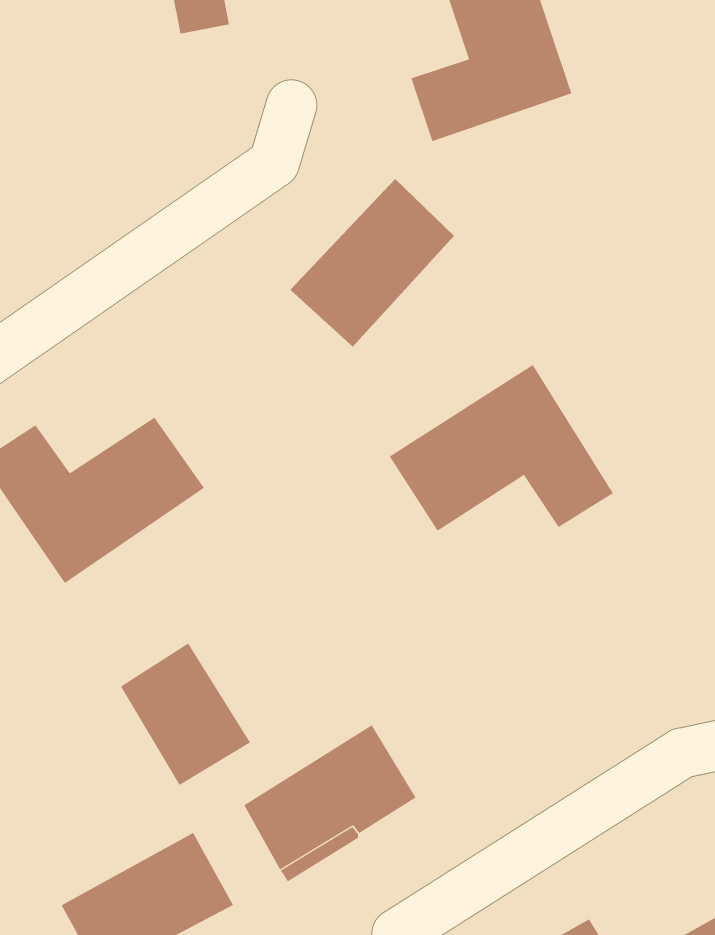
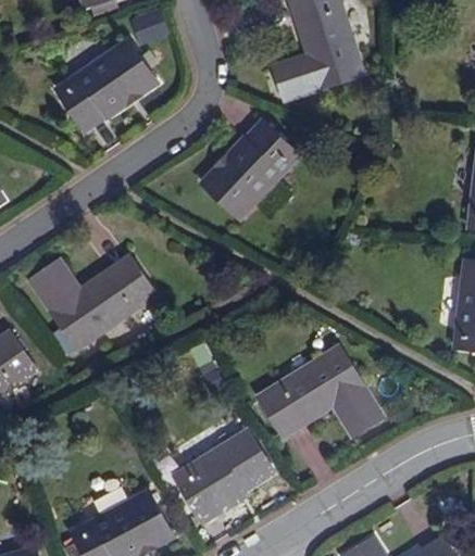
building: none -> [55,41,155,129]
building: [389,364,614,532] -> [257,344,384,439]
building: [120,643,251,786] -> none

